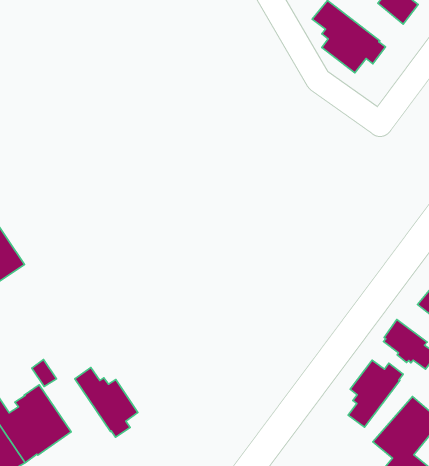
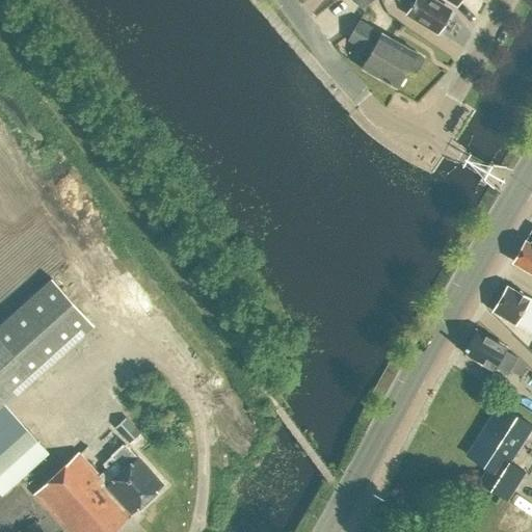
building: [348,360,403,427] -> none
building: [75,367,138,437] -> none

